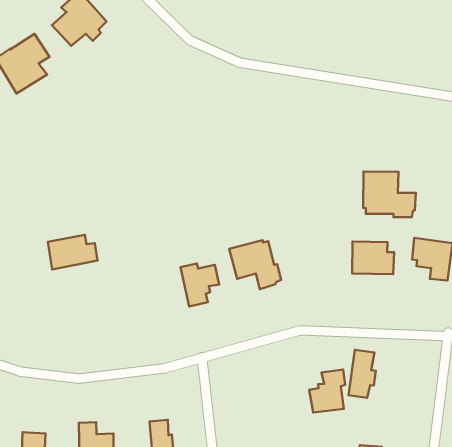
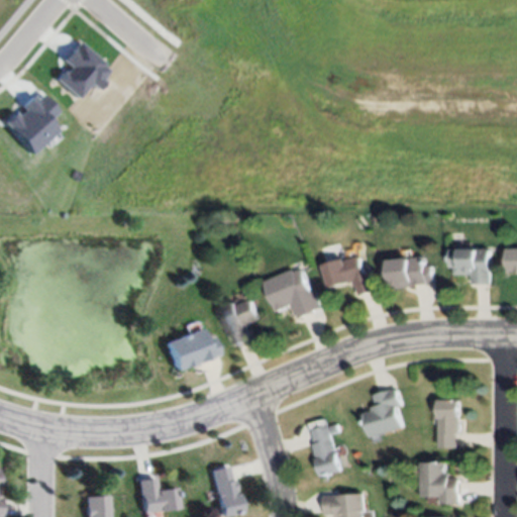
building: [363,171,416,217] -> none
building: none -> [324,256,375,294]
building: [48,235,97,269] -> [166,330,218,370]
building: [349,350,376,398] -> [437,400,461,446]
building: none -> [312,424,339,474]

